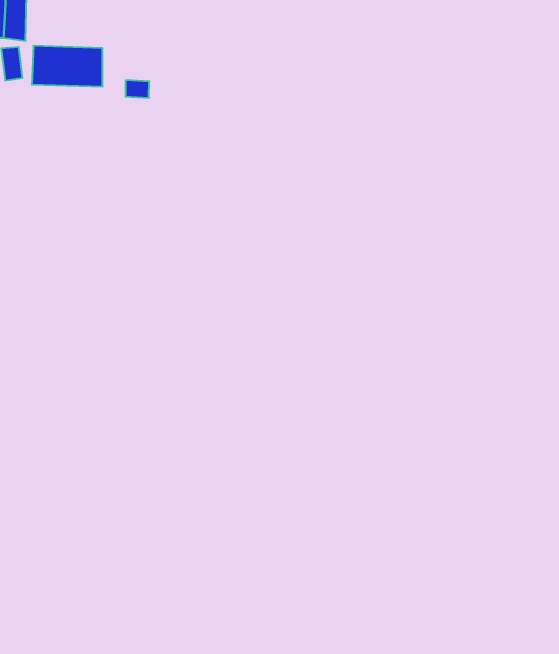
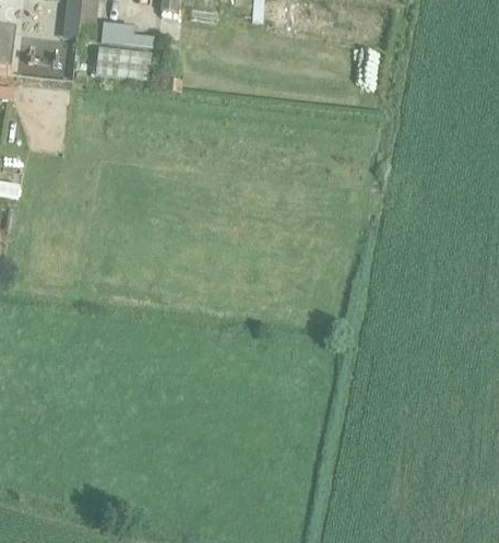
building: none -> [99,20,151,45]

